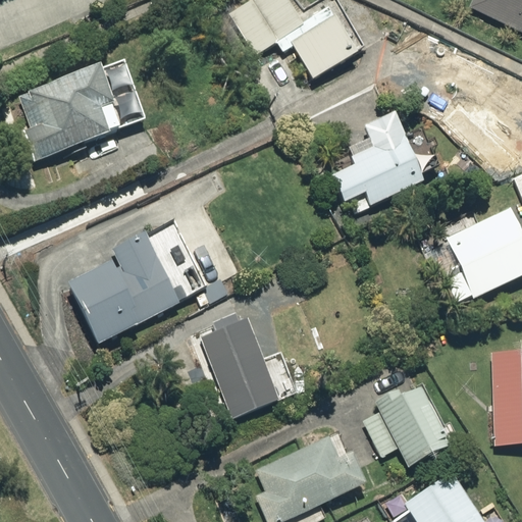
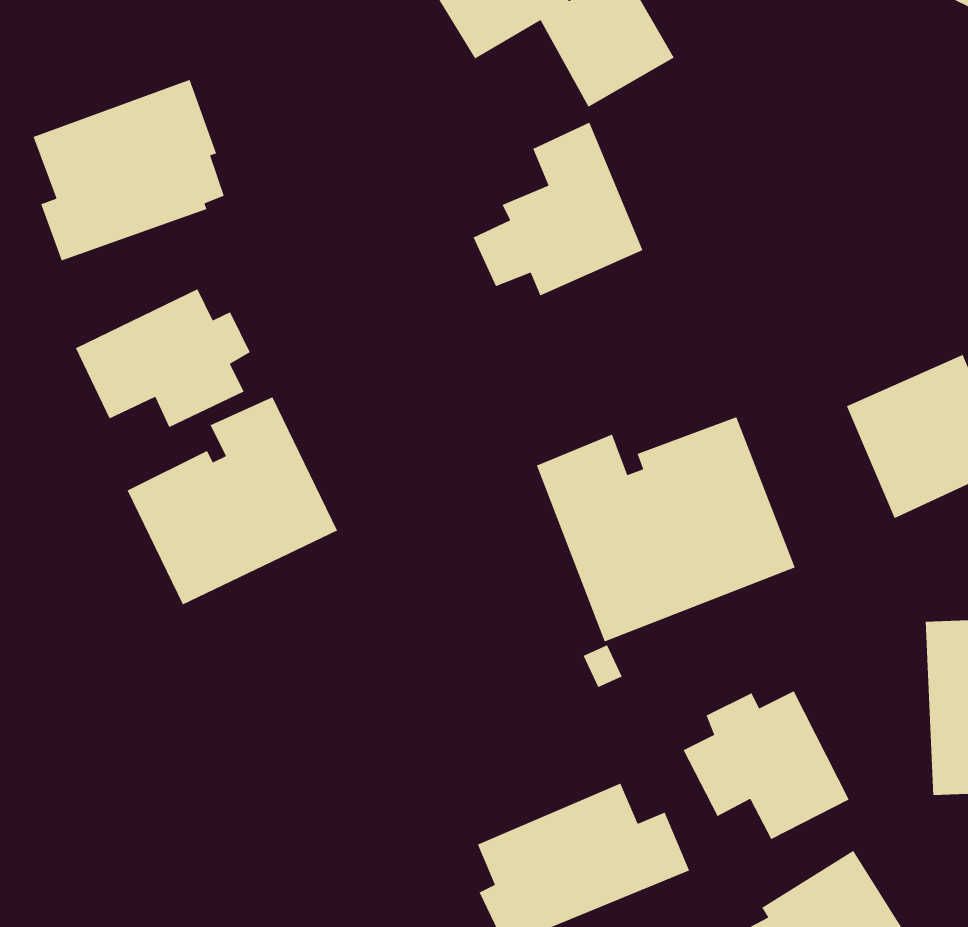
building: [334,112,425,205] -> [472,122,644,297]
building: none -> [75,288,251,428]
building: none -> [536,416,796,642]
building: [201,316,279,417] -> none

